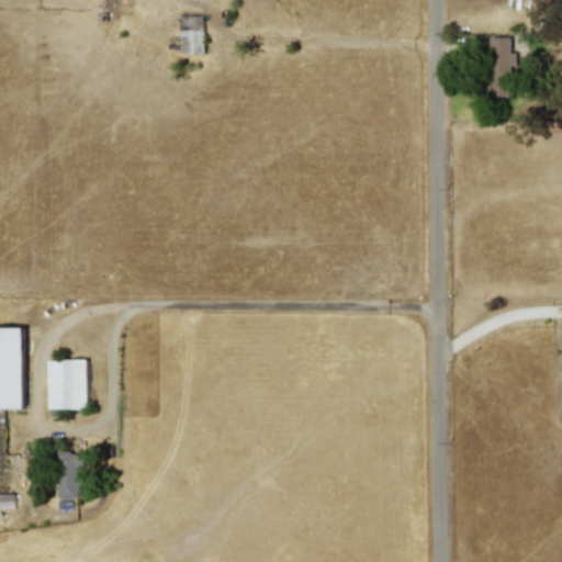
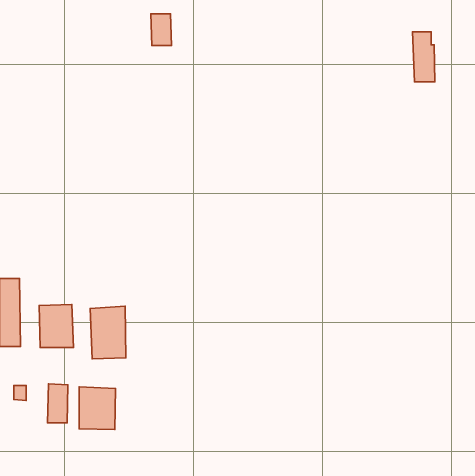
building: none -> [90,306,126,359]
building: none -> [79,387,116,430]

